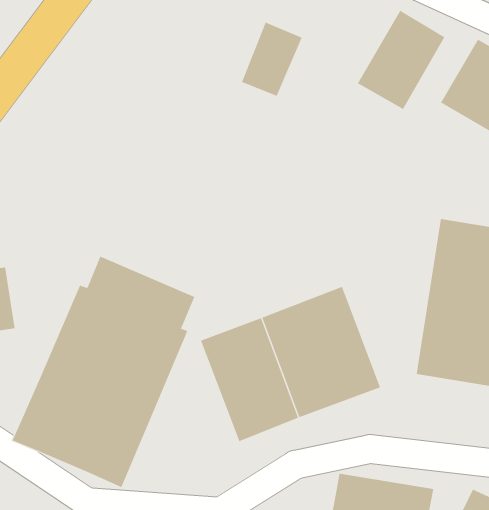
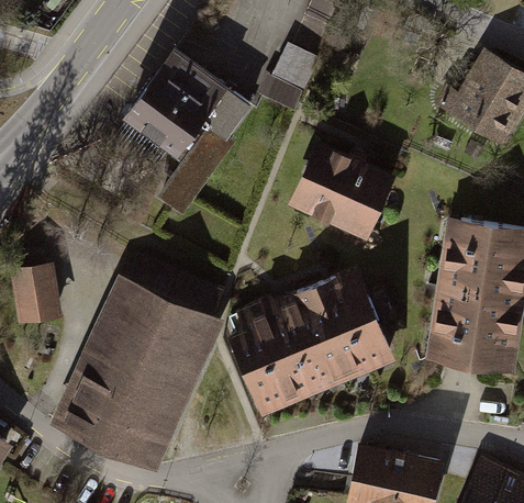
building: [357,10,445,110] -> none
building: none -> [124,37,261,206]
building: none -> [292,143,392,235]

